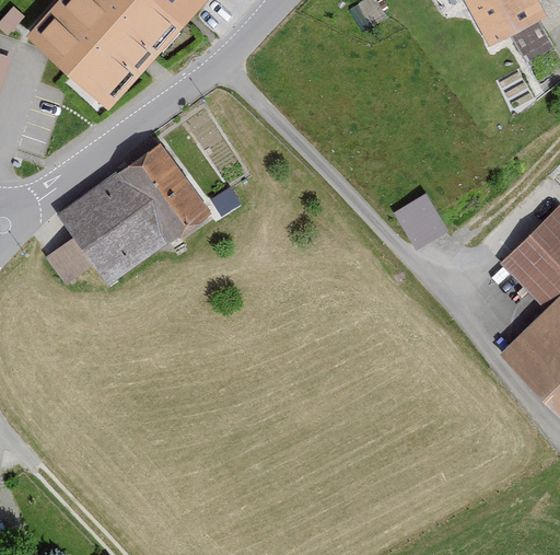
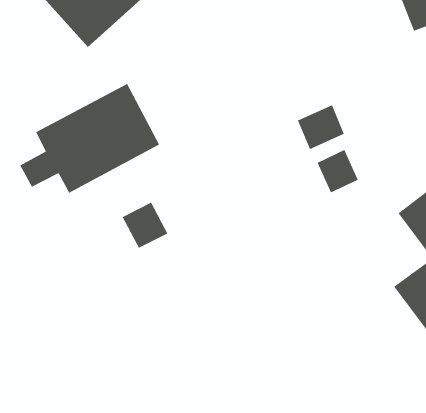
building: none -> [297,104,345,150]
building: none -> [121,202,168,249]

